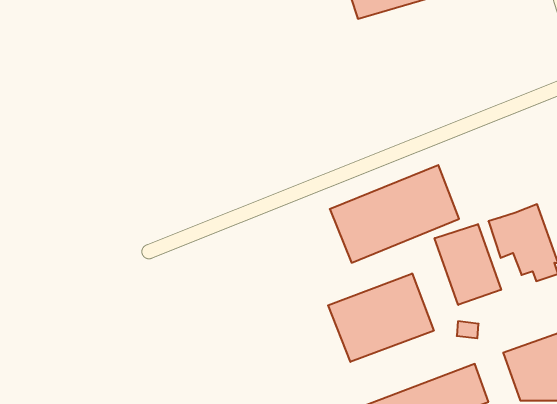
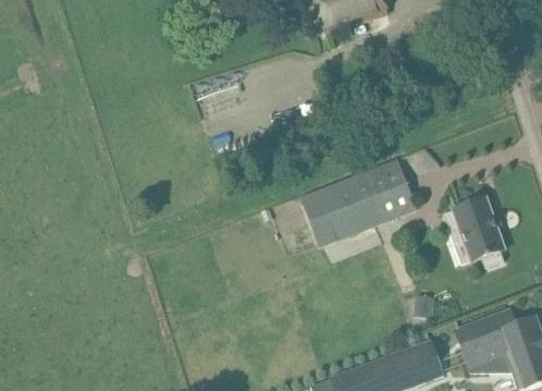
building: [435,224,501,305] -> none
building: [328,273,434,362] -> none

